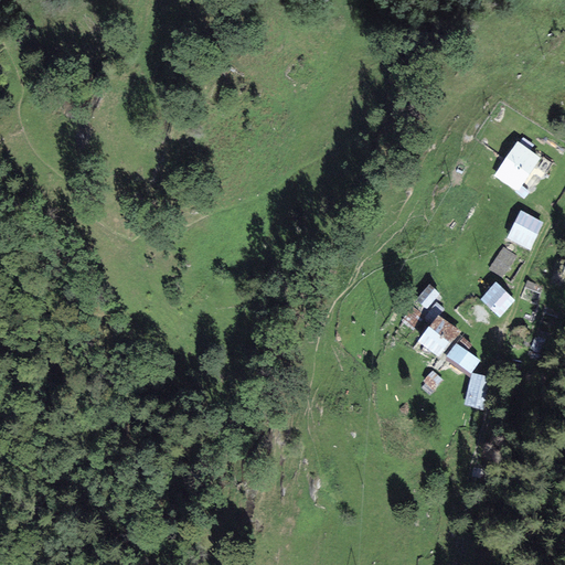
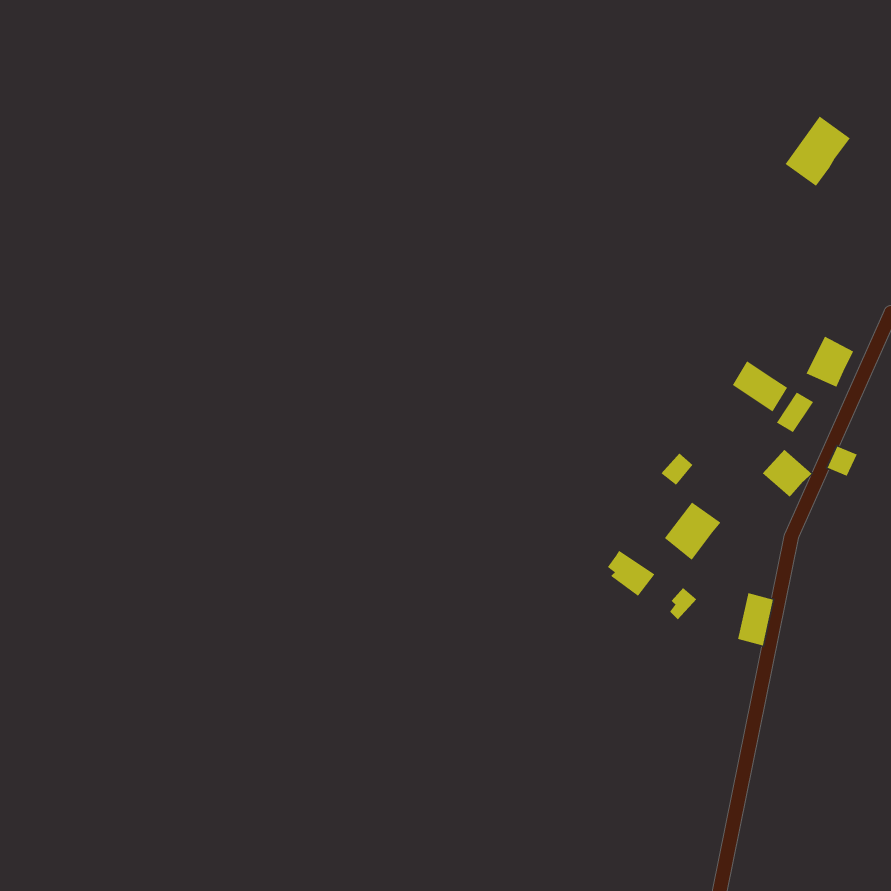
building: [495,142,537,188] -> [785,115,851,187]
building: none -> [732,360,788,413]
building: [448,344,479,374] -> [607,550,656,597]

